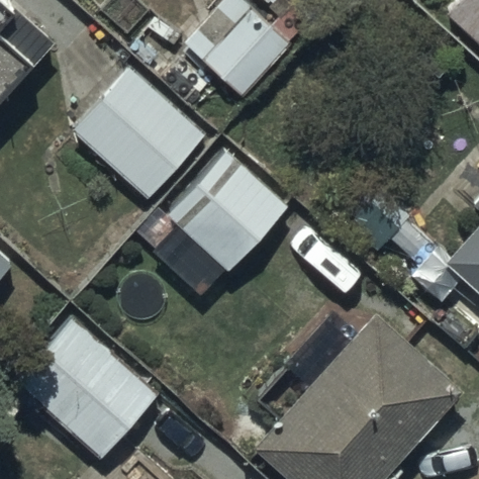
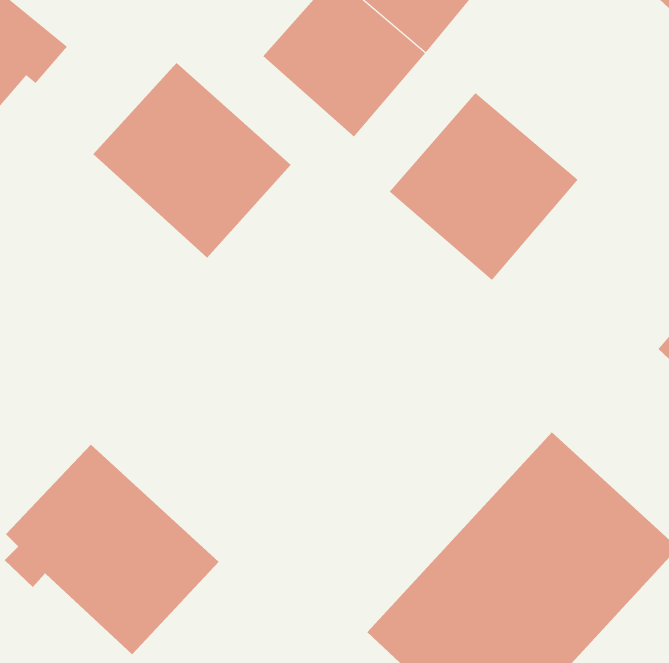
building: none -> [389,92,578,281]
building: [156,162,292,311] -> none

